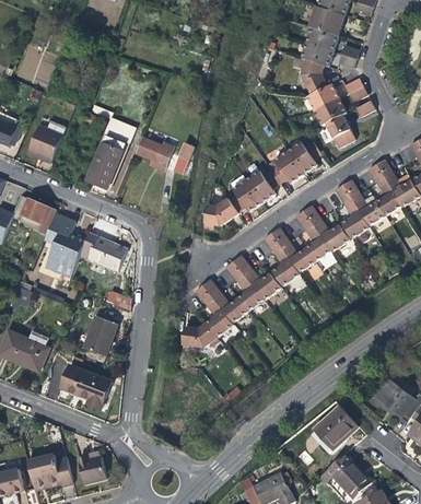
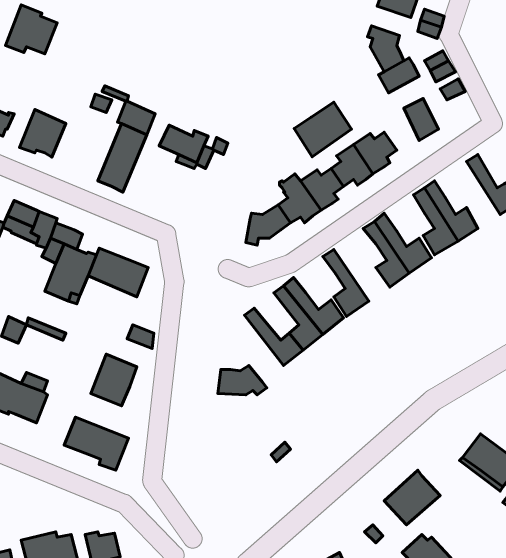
building: [302,43,332,67] -> none
building: [315,97,347,125] -> none
building: none -> [294,102,352,157]
building: [367,164,402,216] -> none
building: [272,227,316,273] -> none
building: [195,284,233,337] -> none

